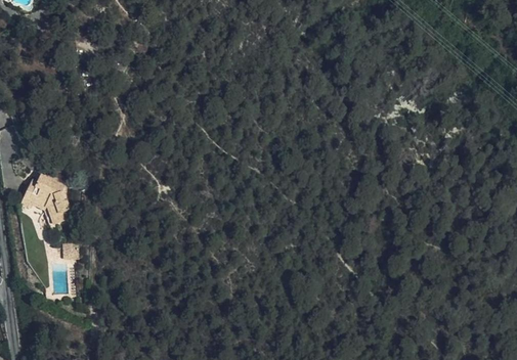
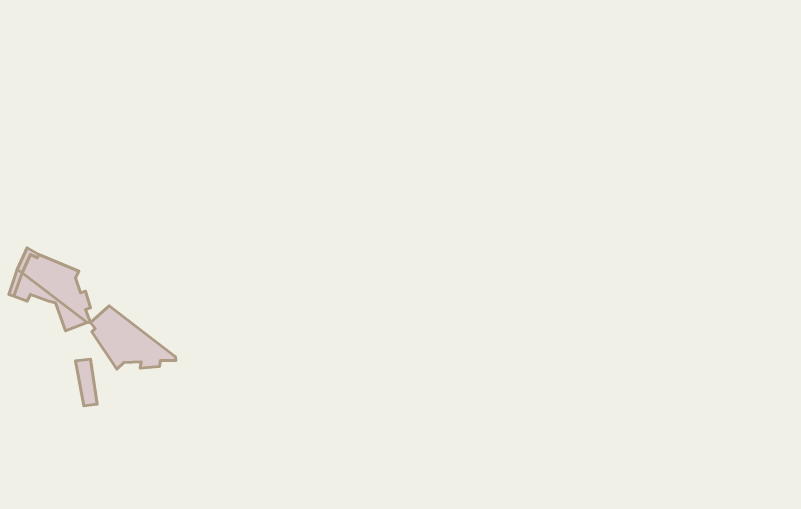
building: none -> [90,306,176,369]

